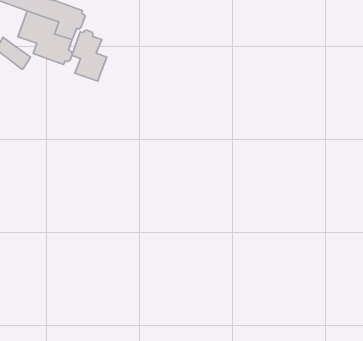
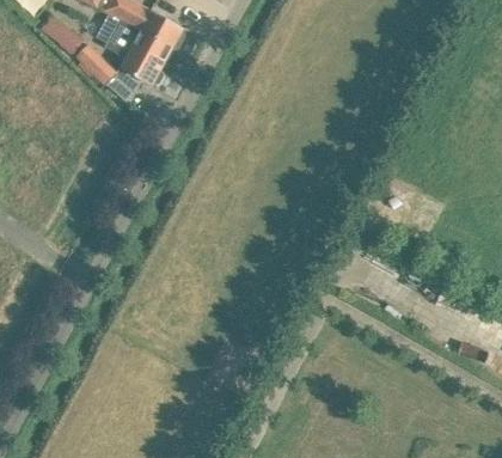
building: [72,30,107,81] -> none

